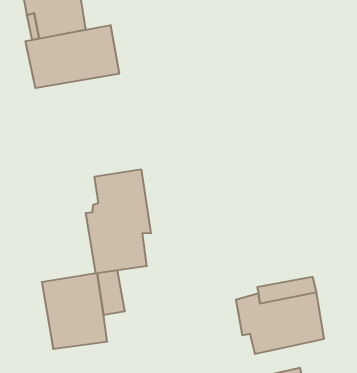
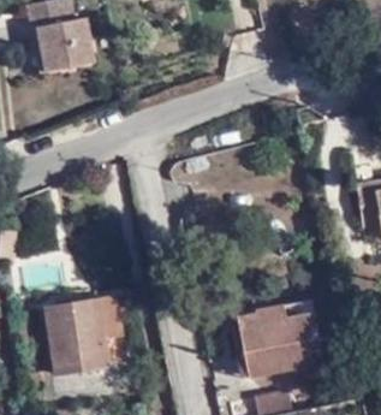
building: [26,25,119,88] -> none
building: [86,169,151,273] -> none

